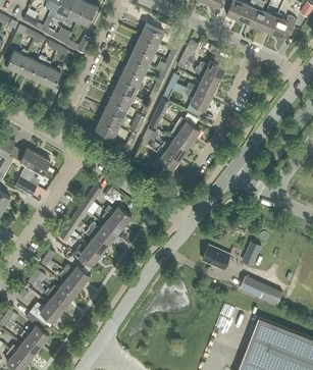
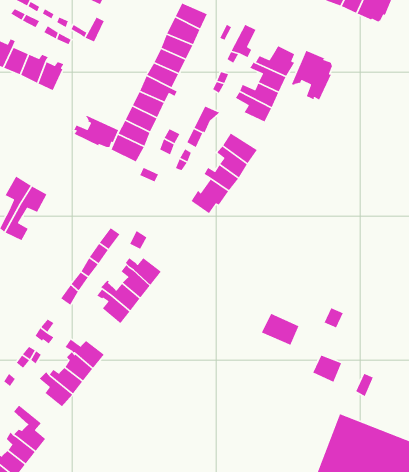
building: none -> [290,50,333,101]
building: none -> [73,114,119,148]
building: [72,243,102,269] -> none
building: [30,302,60,327] -> none

